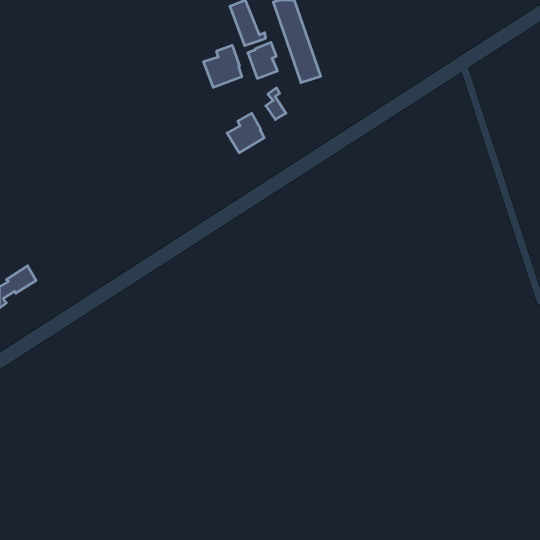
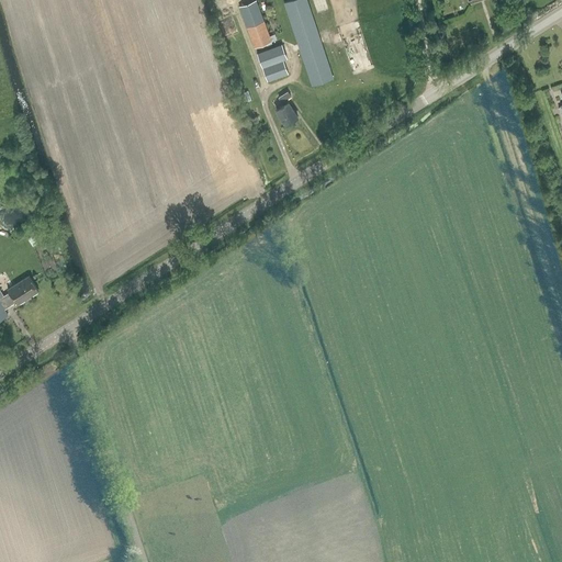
building: [204,45,242,87] -> none
building: [227,113,264,153] -> none

